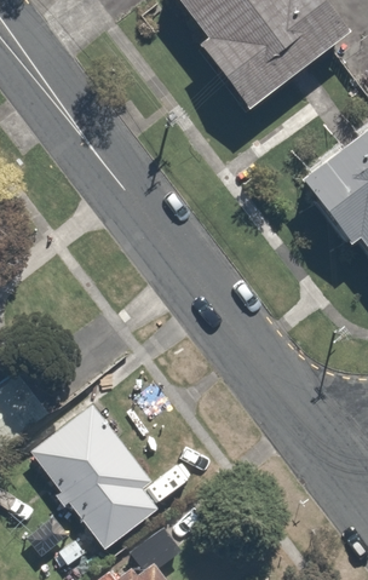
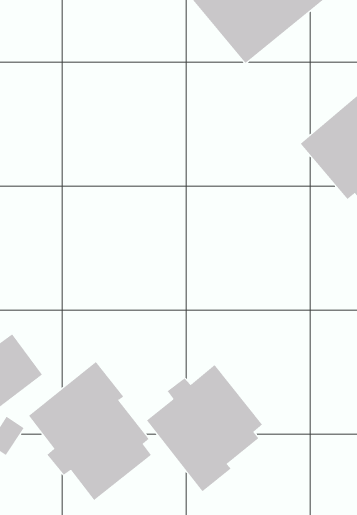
building: none -> [146,364,263,492]

